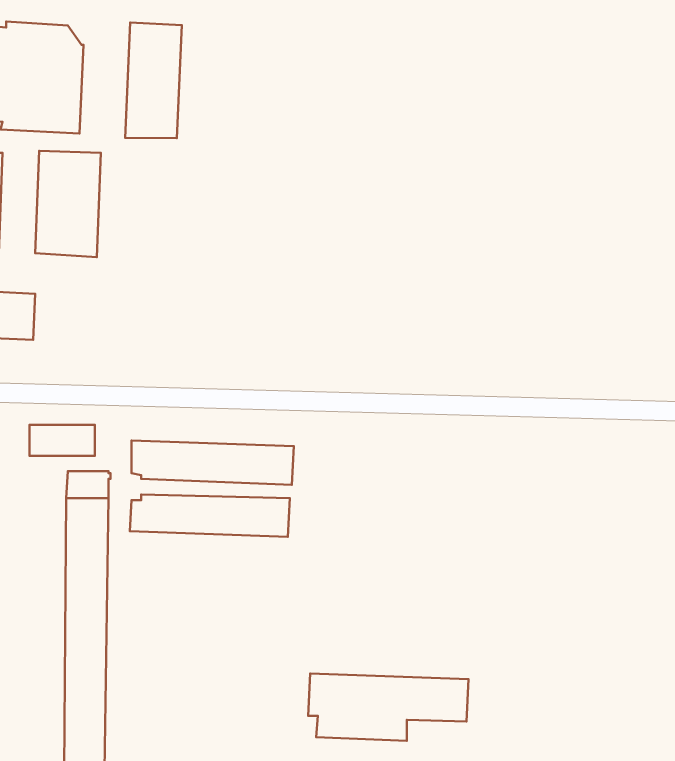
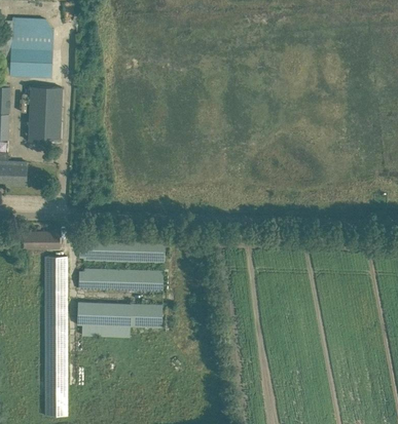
building: [125,22,182,138] -> none
building: [308,673,468,741] -> [77,302,162,338]

